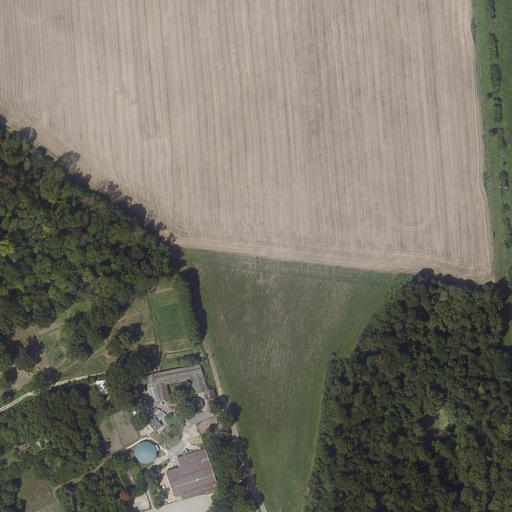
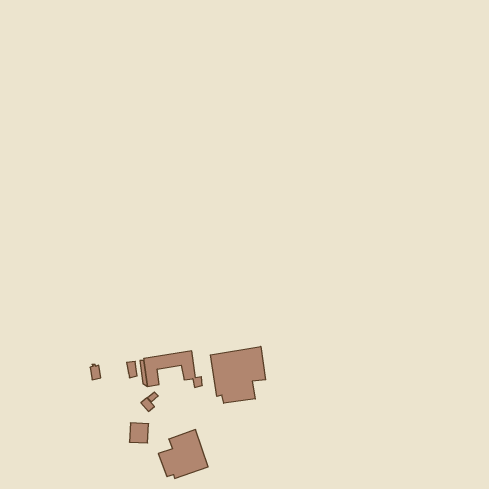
building: none -> [210,346,266,403]

